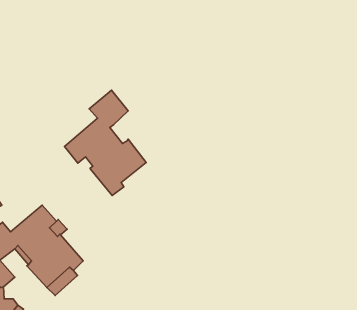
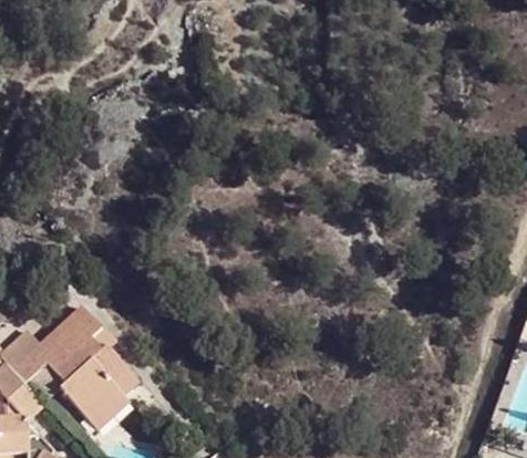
building: [64,90,146,195] -> none

